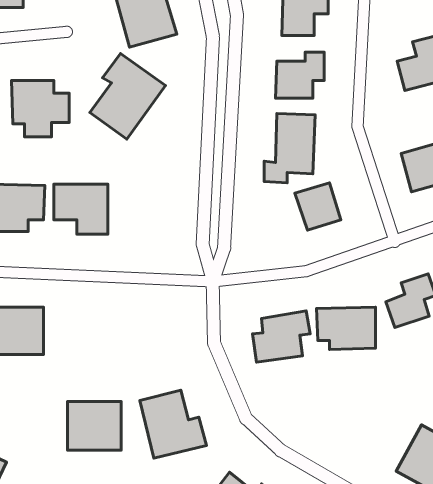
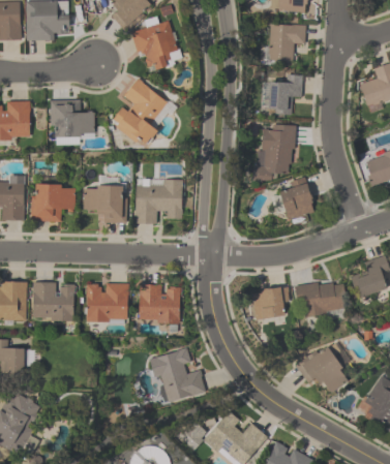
building: none -> [133,178,182,222]
building: none -> [138,284,180,322]
building: none -> [295,343,353,394]
building: [67,402,121,450] -> [85,281,128,320]

